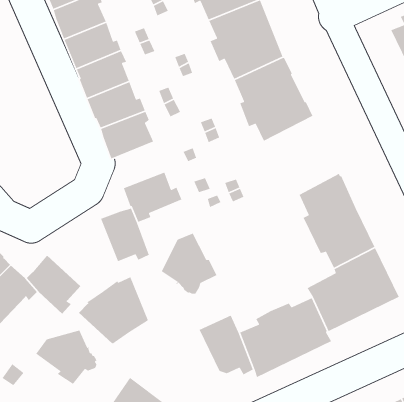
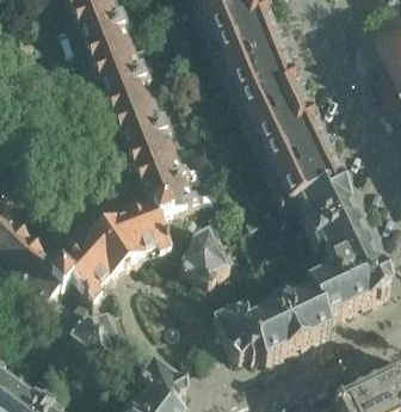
building: none -> [267,123,334,196]
building: none -> [132,146,184,186]
building: [78,276,148,345] -> [76,214,138,275]

